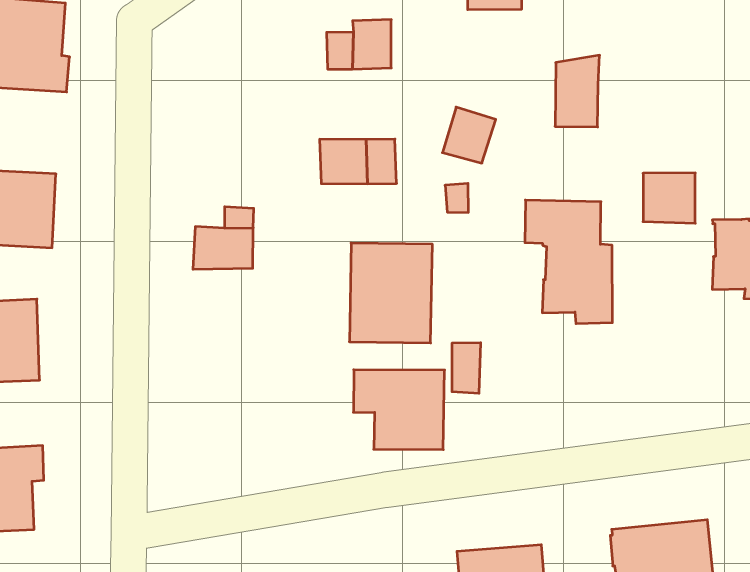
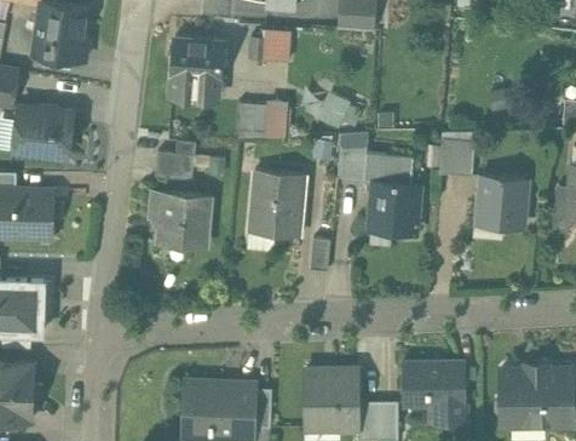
building: none -> [169,38,223,101]
building: [555,55,600,127] -> [336,134,368,179]
building: [353,370,445,450] -> [149,193,208,247]

